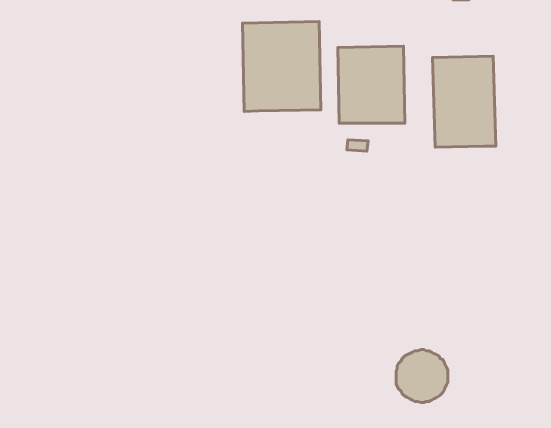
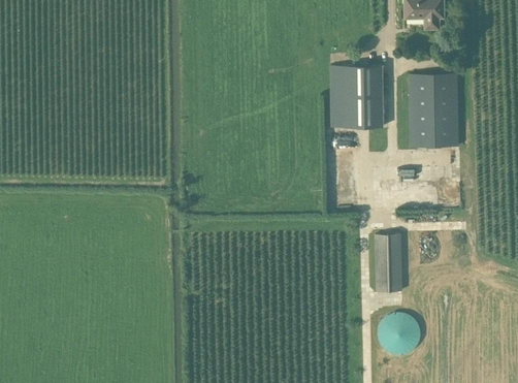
building: [243,21,321,111] -> none
building: none -> [373,233,401,291]

